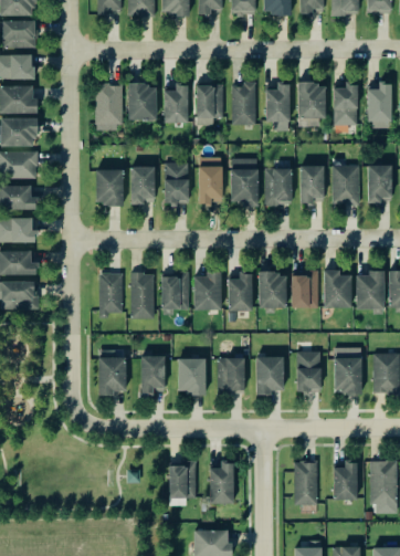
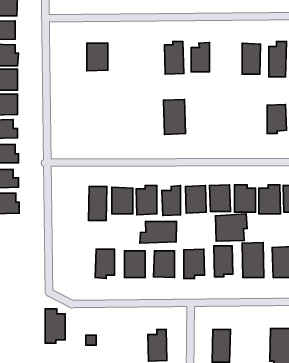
building: [298,83,325,127] -> none
building: [95,84,122,130] -> none
building: [164,85,188,123] -> none
building: [194,85,223,125] -> none
building: [198,157,223,204] -> none
building: [165,162,189,202] -> none
building: [130,166,155,204] -> none
building: [299,166,325,203] -> none
building: [333,166,360,203] -> none
building: [264,168,292,207] -> none
building: [95,169,123,204] -> none
building: [99,273,124,315] -> none
building: none -> [216,214,247,241]
building: none -> [140,222,177,243]
building: [99,350,126,396] -> [45,309,65,343]
building: [168,461,197,499] -> none
building: [334,461,357,500] -> none

